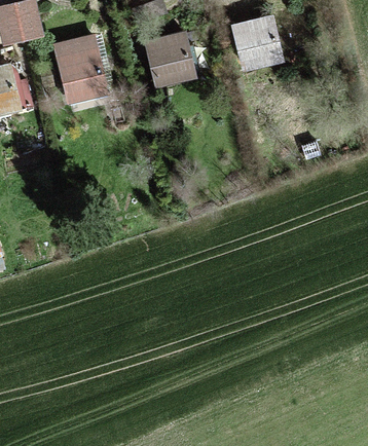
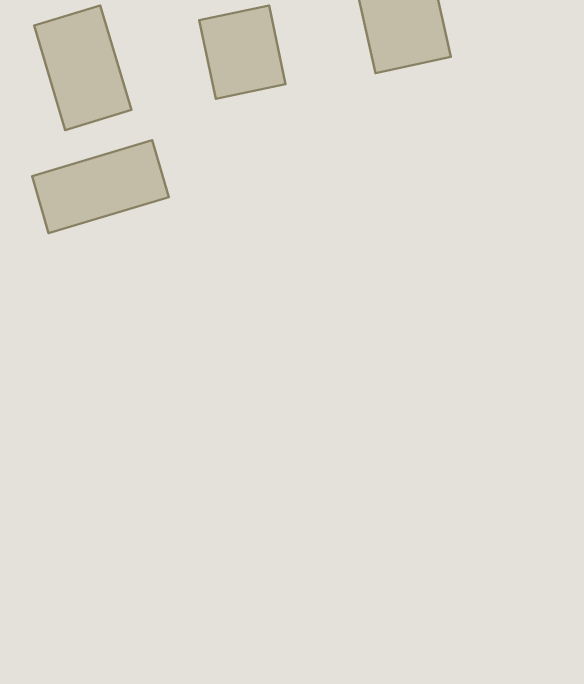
building: none -> [32,140,169,233]

